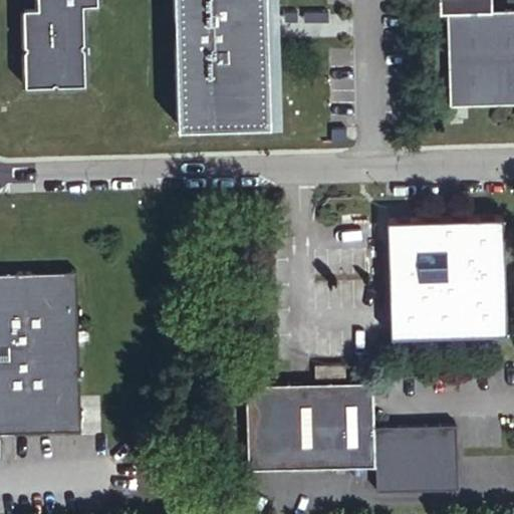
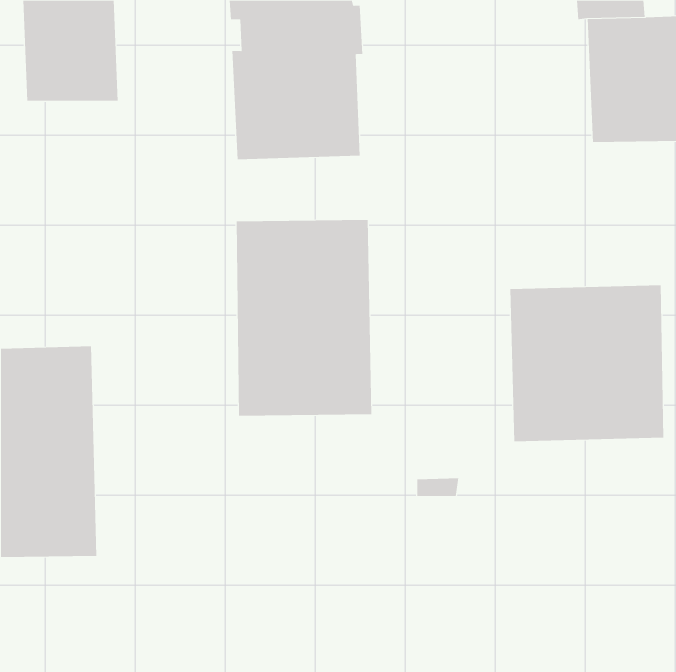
building: none -> [236,219,372,416]
building: [246,383,457,495] -> none

